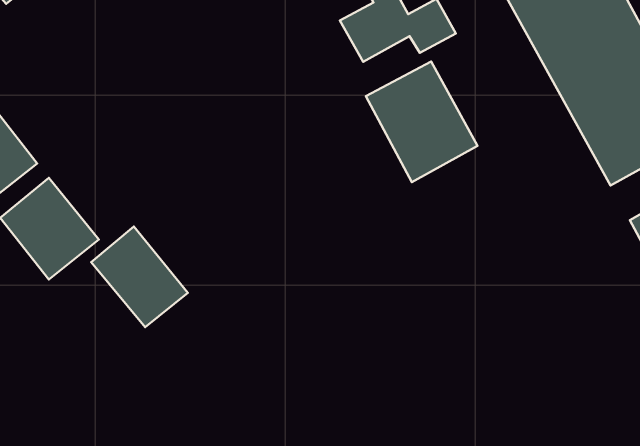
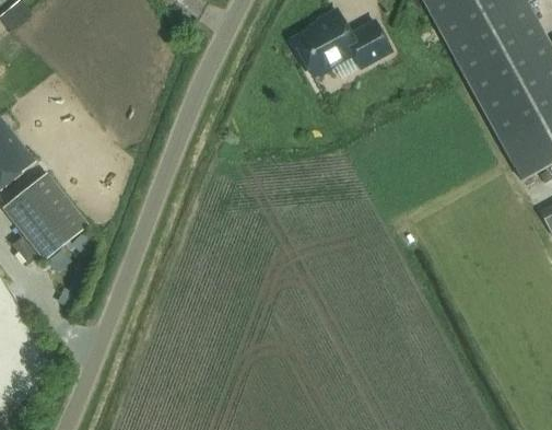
building: [366,61,478,182] -> none
building: [91,226,188,327] -> none

